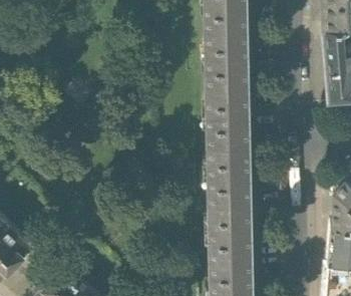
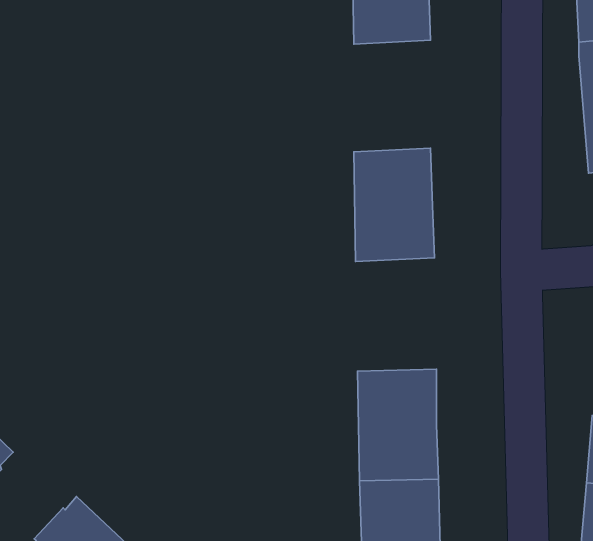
building: [207,30,247,88] -> none
building: [208,143,250,203] -> none

